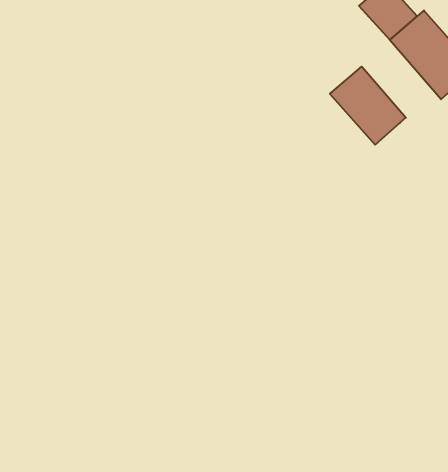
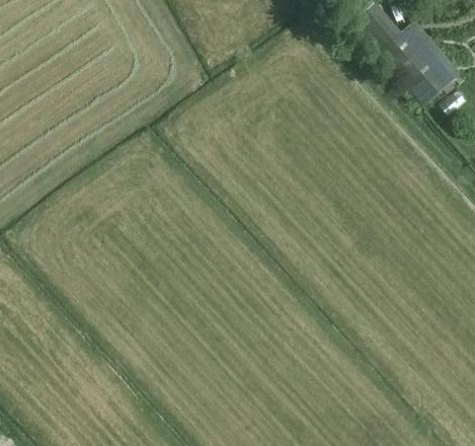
building: [330,67,406,145] -> none

